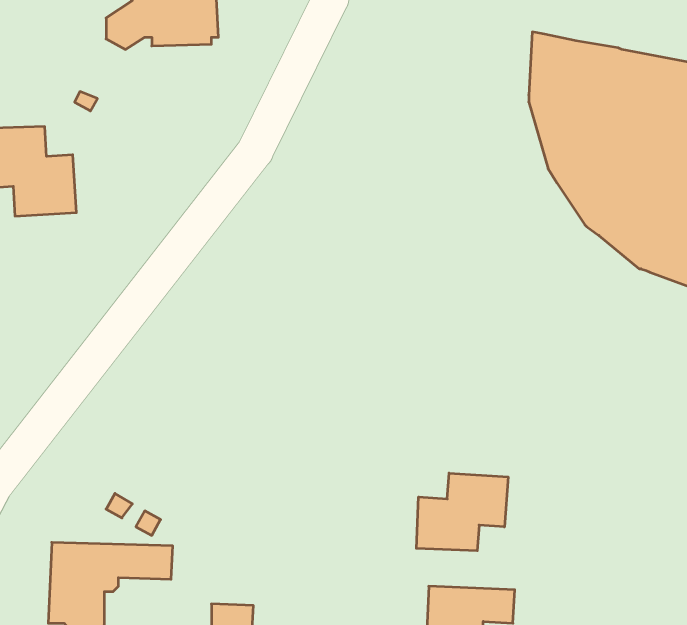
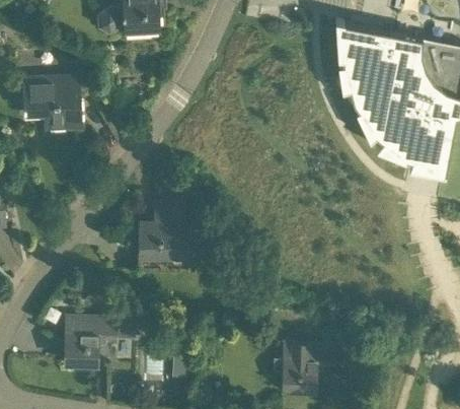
building: none -> [139,205,195,260]
building: [416,473,508,551] -> none

